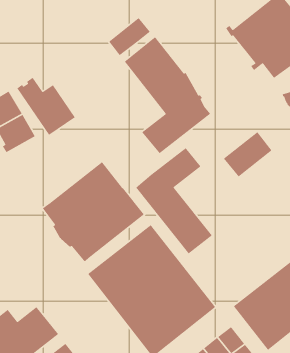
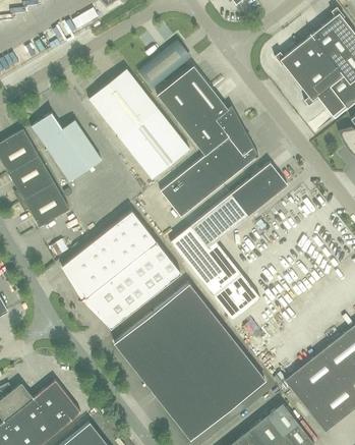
building: none -> [88,69,190,179]
building: [223,131,272,178] -> [230,163,288,217]
building: none -> [161,177,199,217]
building: none -> [20,182,70,227]

